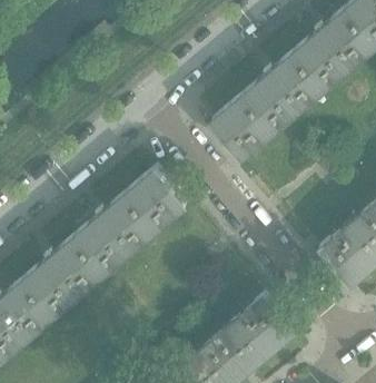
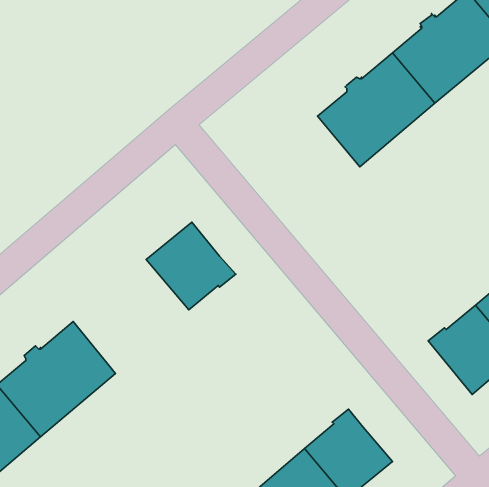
building: [210,96,270,158] -> none
building: [75,194,154,272] -> none

